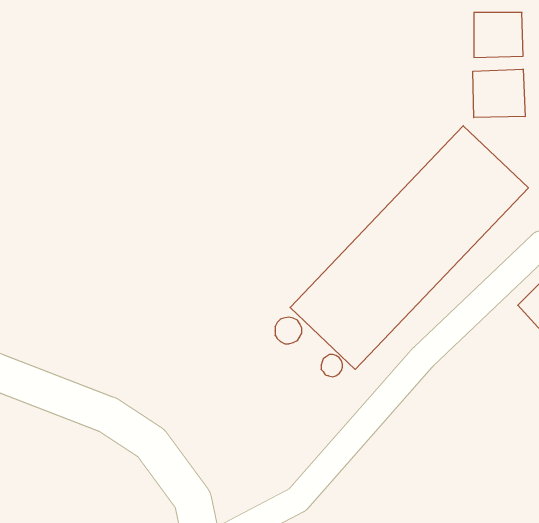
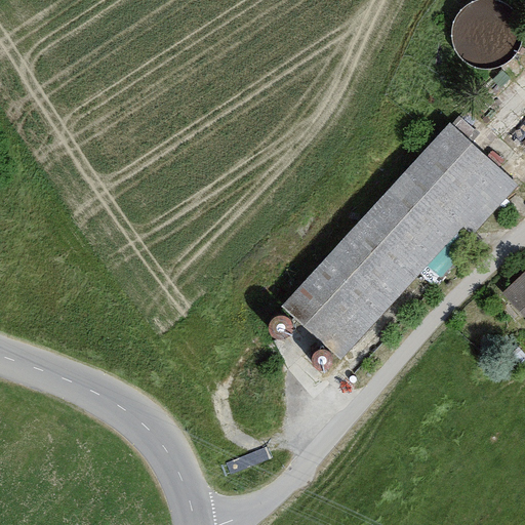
building: [473,69,525,118] -> none

